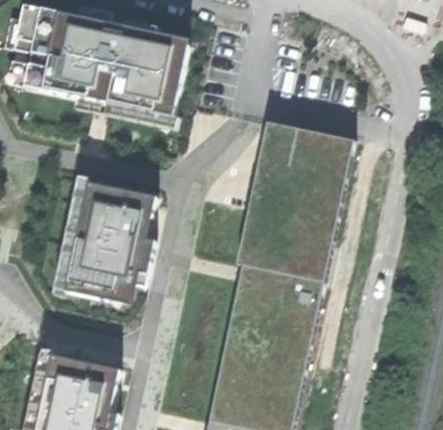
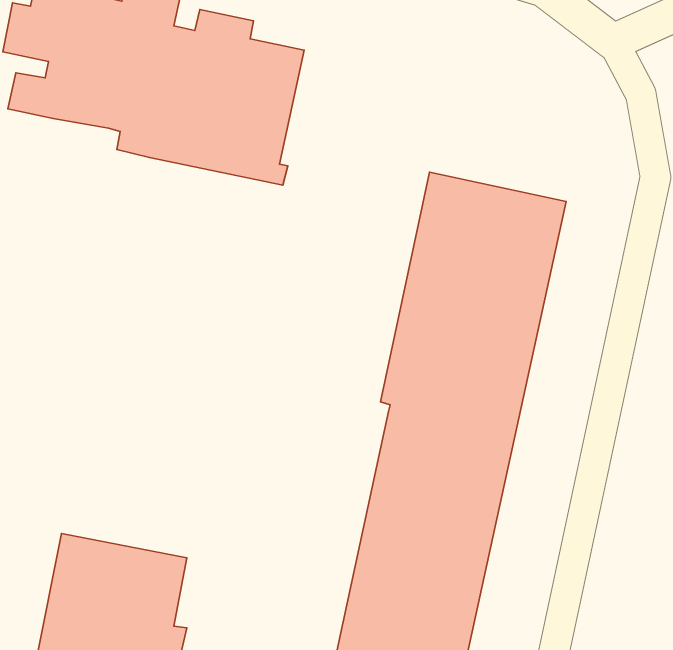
building: [53,175,157,300] -> none

